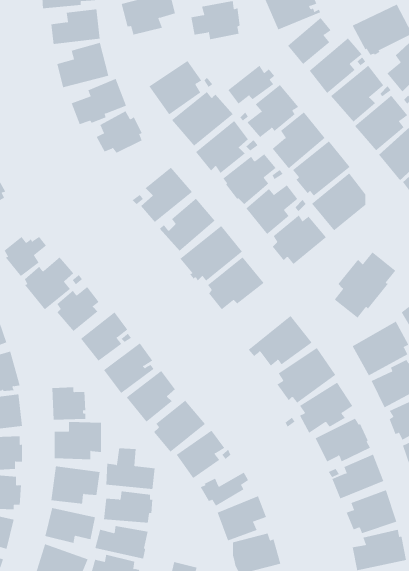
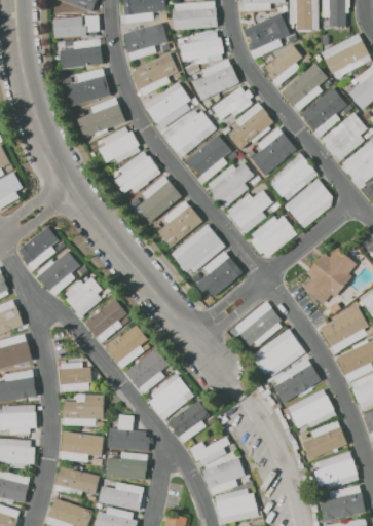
building: none -> [130,53,177,95]
building: none -> [192,59,238,100]
building: none -> [114,150,160,193]

